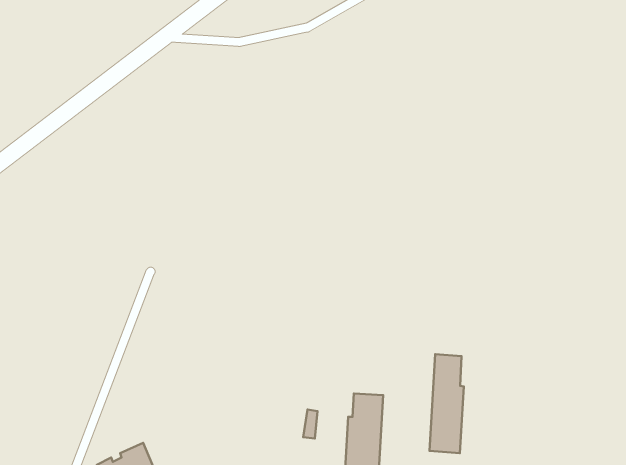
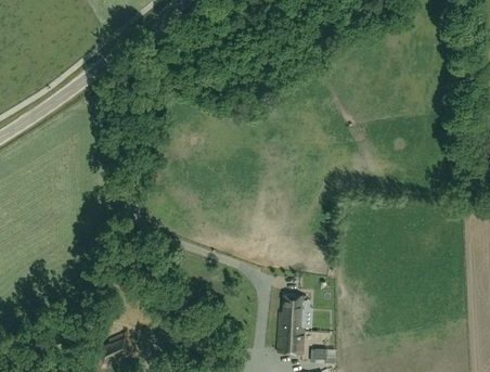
building: [430,354,464,453] -> none

